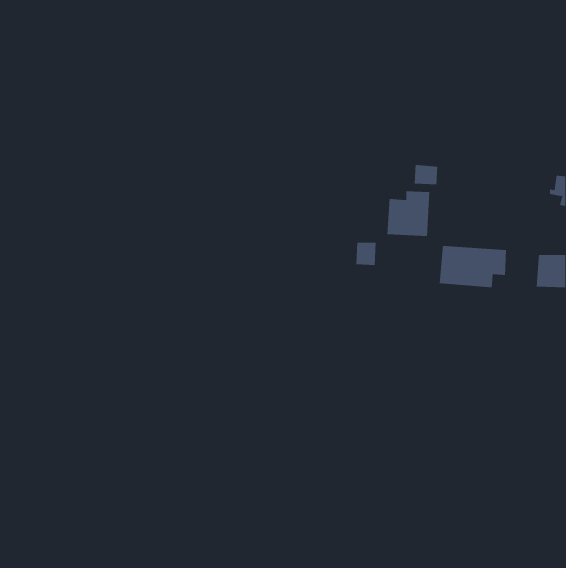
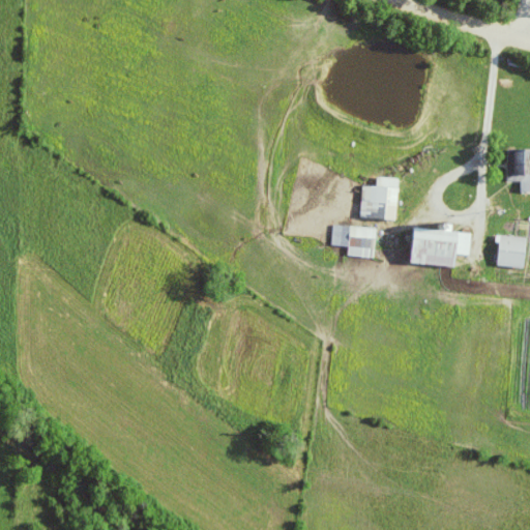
building: [414,164,438,185] -> none
building: none -> [349,227,374,257]

